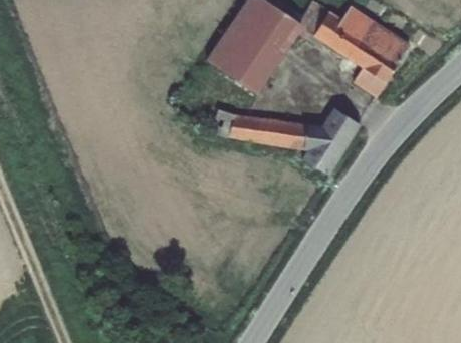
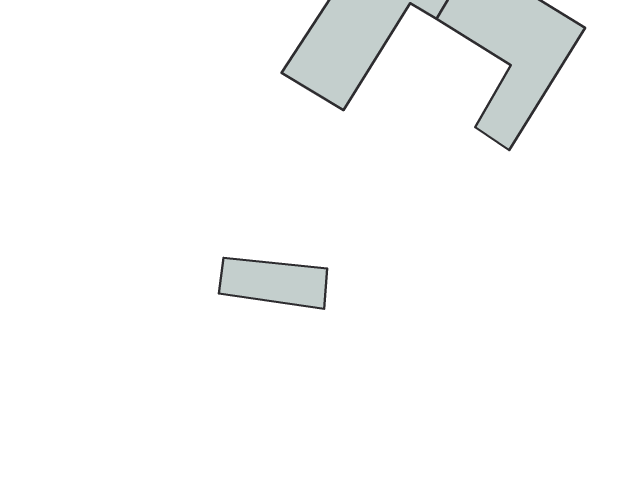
building: [233,117,303,150] -> [219,258,327,309]
building: [308,120,353,167] -> none

